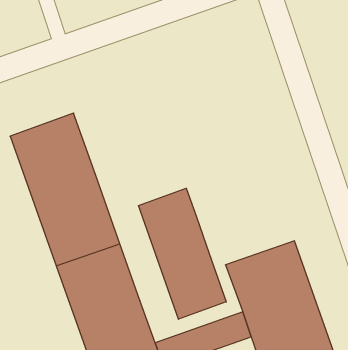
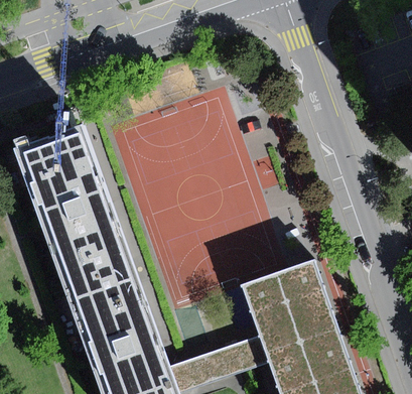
building: [138,188,226,319] -> none

